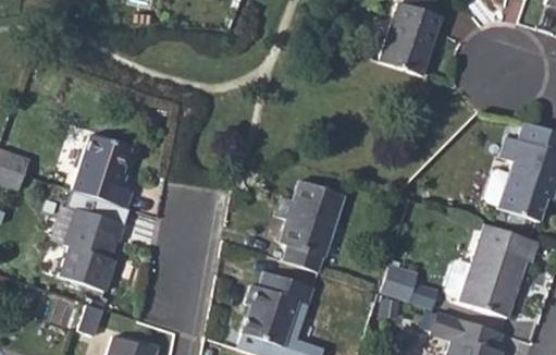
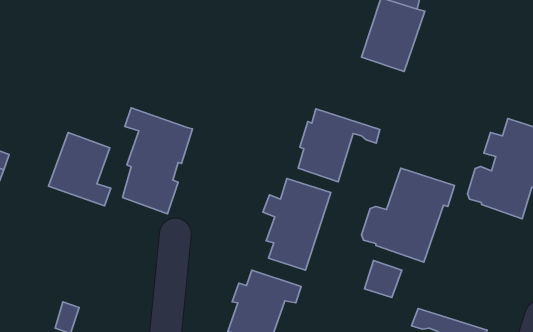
building: none -> [298,109,380,182]
building: [60,188,129,294] -> [123,108,193,214]
building: [446,223,539,317] -> [361,168,454,262]

